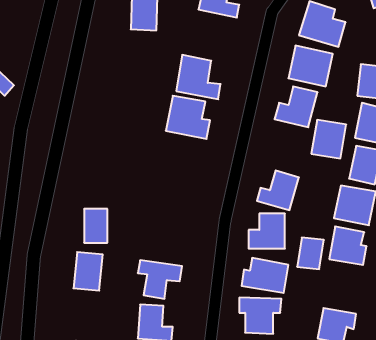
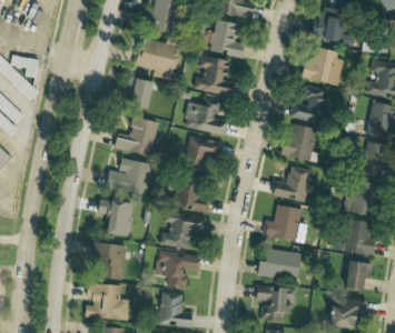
building: none -> [208,20,248,58]
building: none -> [134,38,180,80]
building: none -> [127,78,152,110]
building: none -> [117,117,158,157]
building: [311,120,346,158] -> [283,124,316,161]
building: none -> [182,135,223,172]
building: none -> [105,155,151,195]
building: none -> [174,174,211,213]
building: none -> [159,211,205,251]
building: [297,238,324,269] -> [345,261,371,291]
building: none -> [86,284,119,319]

